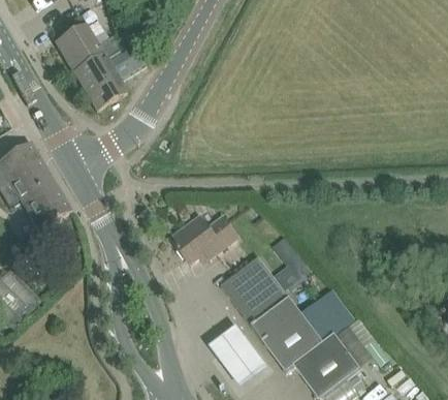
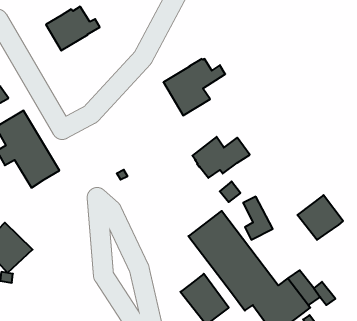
building: [73,44,145,110] -> [163,59,225,115]
building: [171,216,237,264] -> [192,137,250,178]
building: [300,290,353,342] -> [297,195,343,240]

